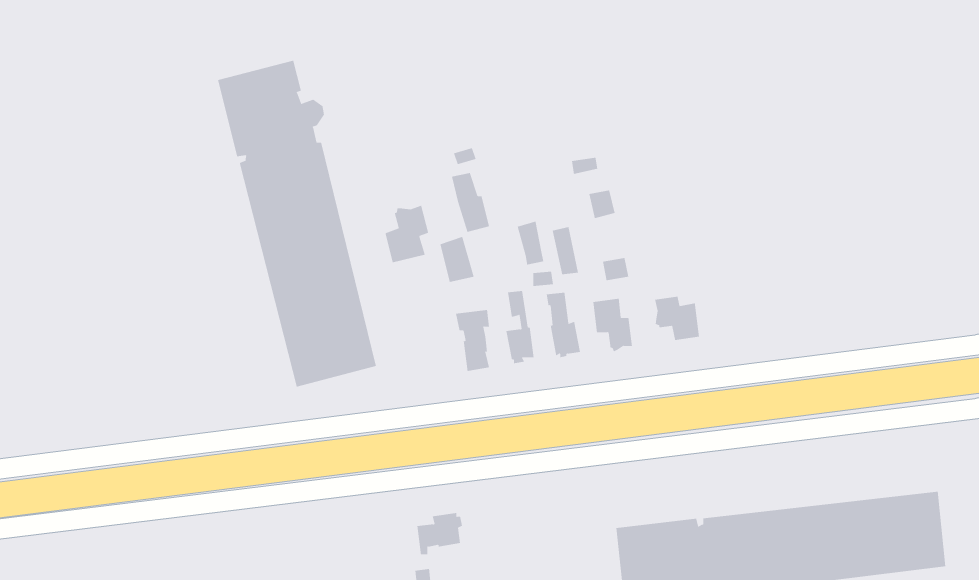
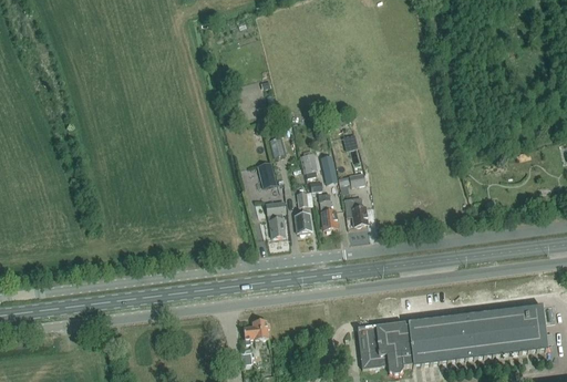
building: [218,60,376,388] -> none
building: [385,205,429,263] -> none
building: [654,296,700,341] -> none

